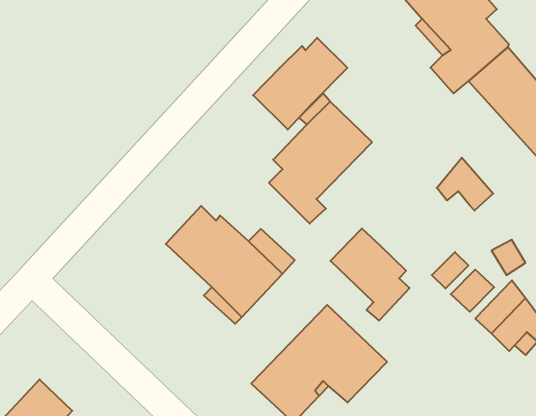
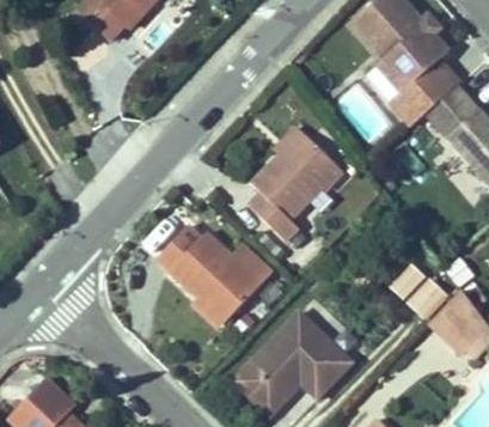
building: [253,38,347,130] -> none
building: [437,158,493,211] -> none
building: [330,228,410,321] -> none

